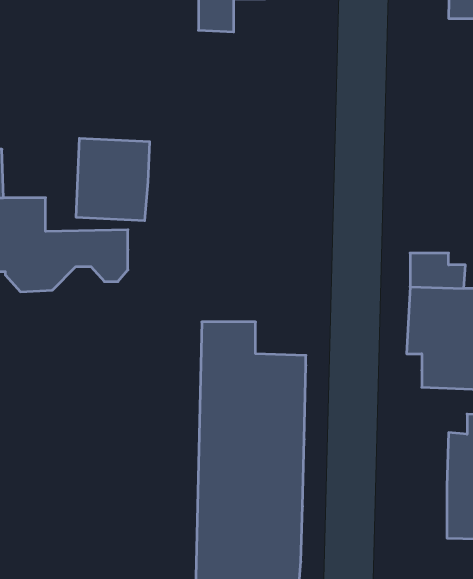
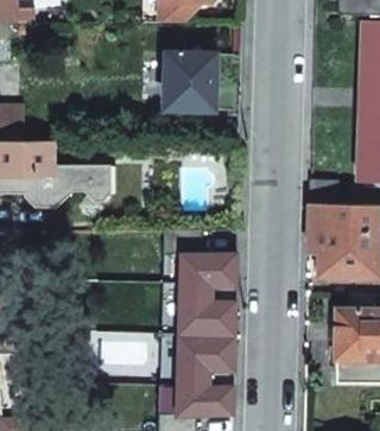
building: [76,138,150,221] -> [165,51,217,109]

